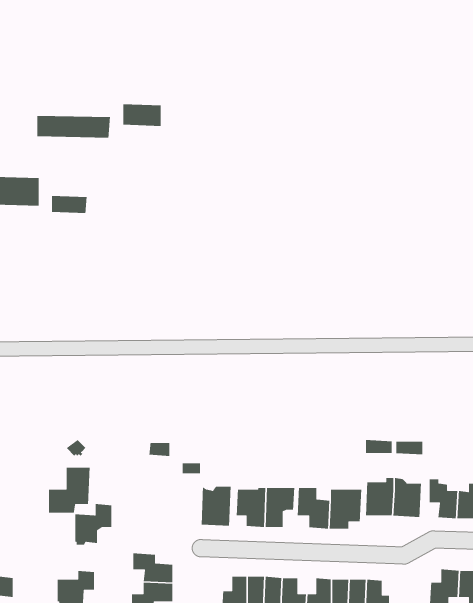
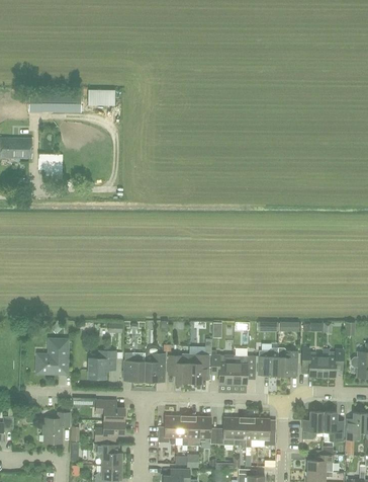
building: none -> [123,352,145,381]
building: [74,503,112,545] -> [89,350,115,380]

